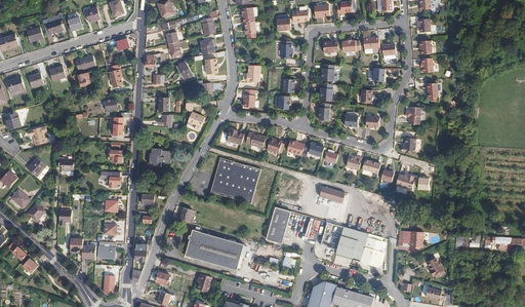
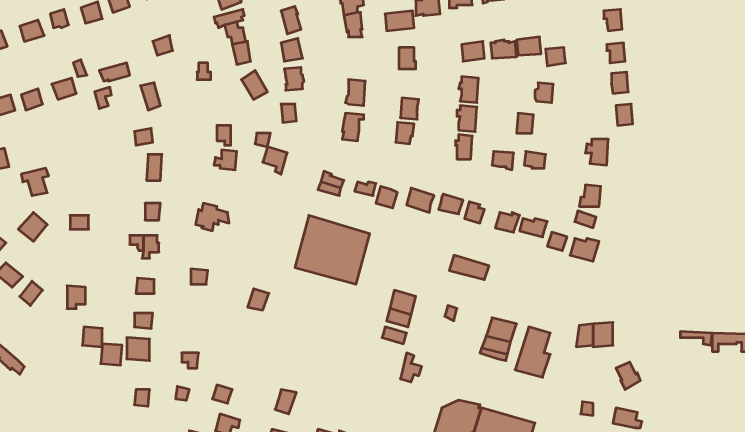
building: [184,229,243,269] -> none

